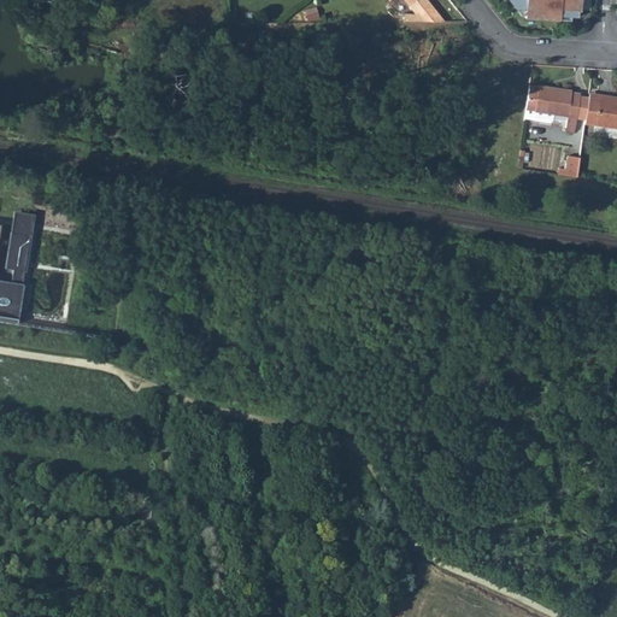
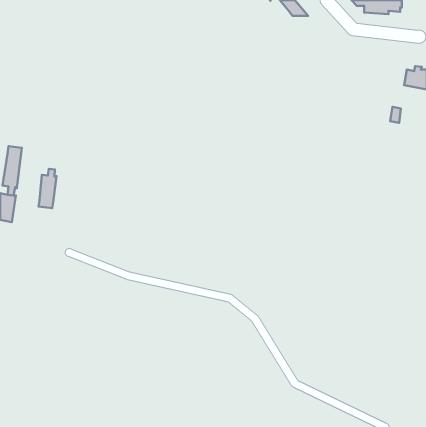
building: [527,86,581,134] -> none
building: none -> [39,169,56,208]

